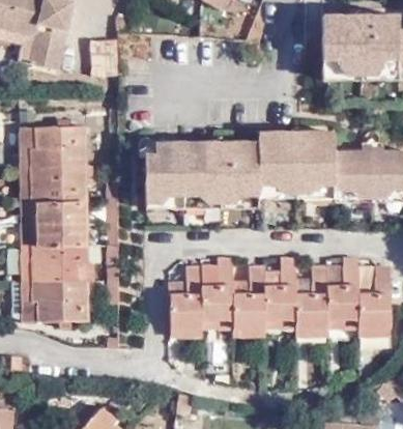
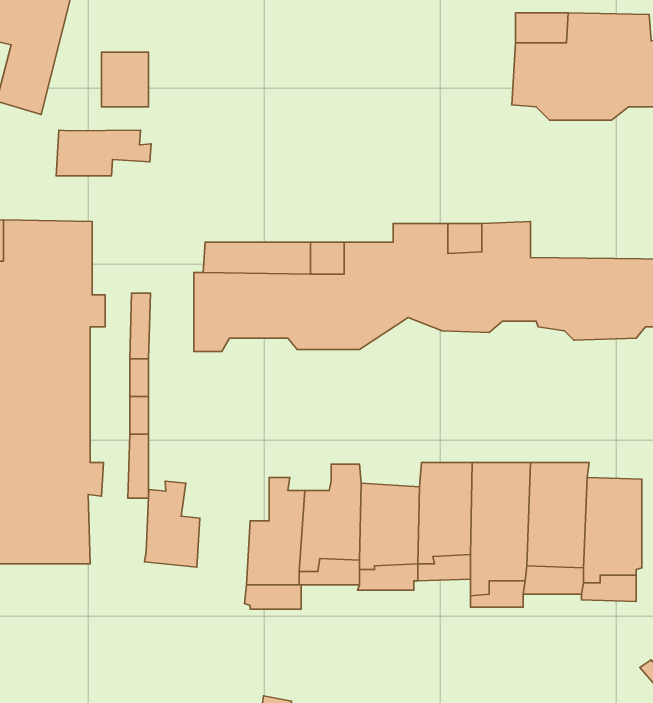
building: none -> [56,130,151,176]
building: none -> [145,481,200,567]

